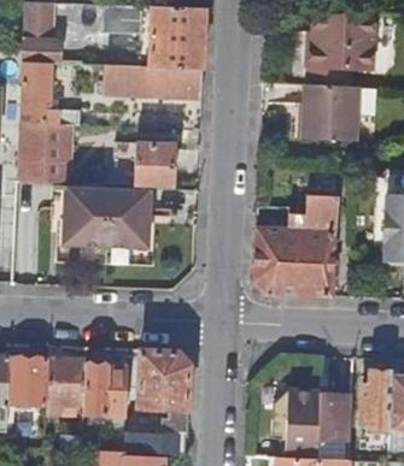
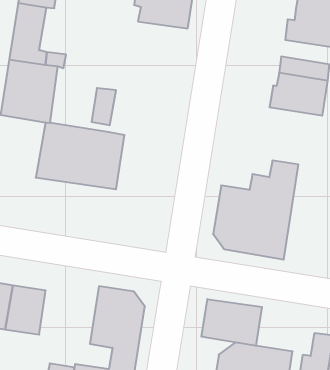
building: [82,64,203,96] -> none
building: [133,141,174,187] -> none
building: none -> [201,299,262,346]
building: [84,362,128,414] -> none

